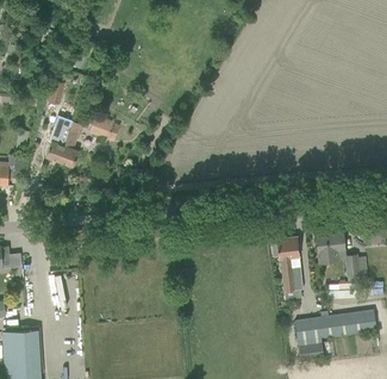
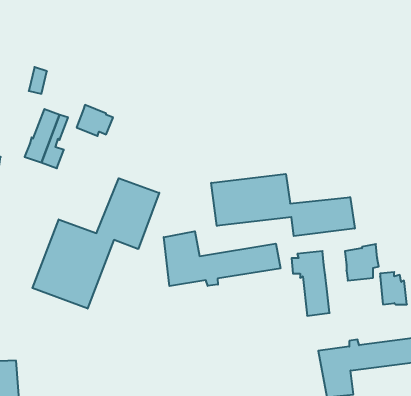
building: none -> [211,174,355,236]
building: none -> [32,178,159,309]
building: none -> [164,231,280,286]

